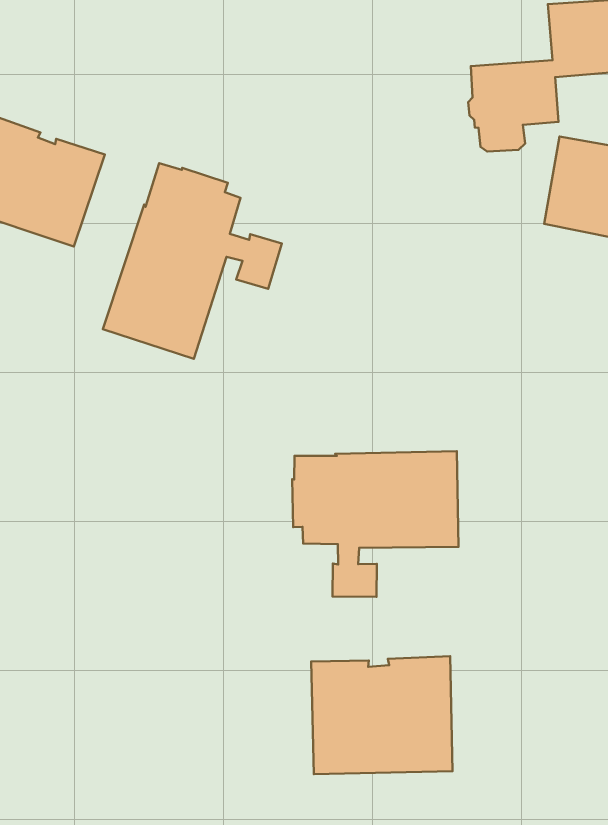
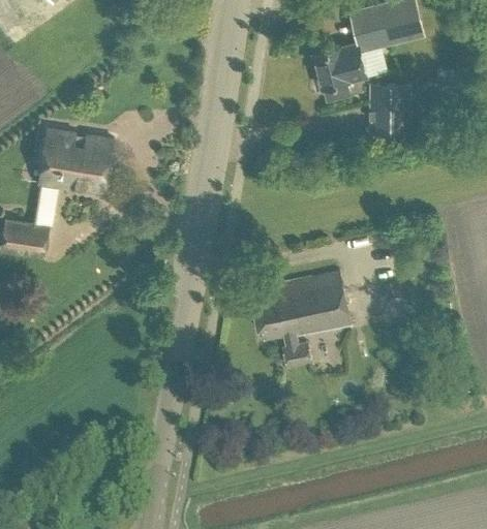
building: [103,163,282,359] -> none
building: [311,656,452,774] -> none

